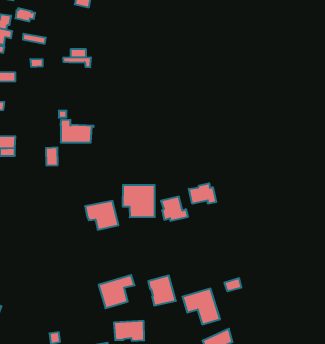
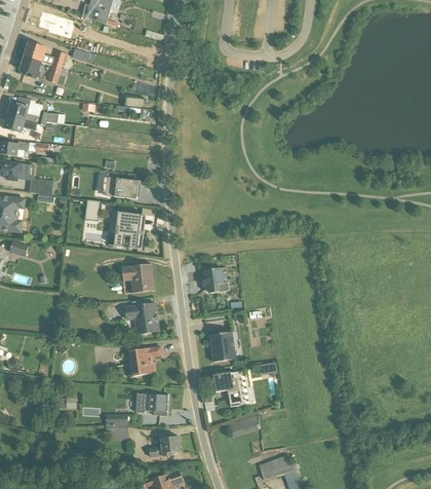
building: [189,183,216,204] -> none
building: [123,185,155,217] -> [108,211,145,249]
building: none -> [124,302,158,333]
building: [148,276,176,305] -> [209,331,236,361]

